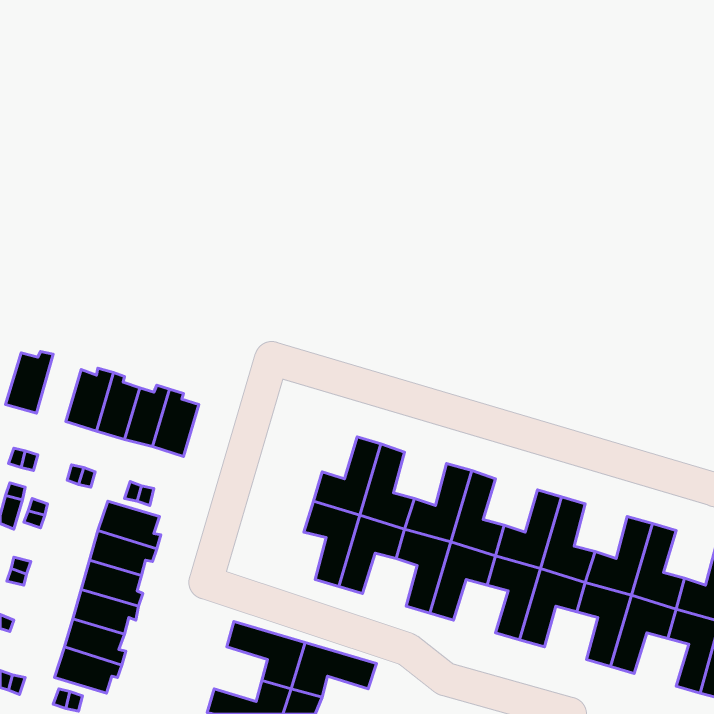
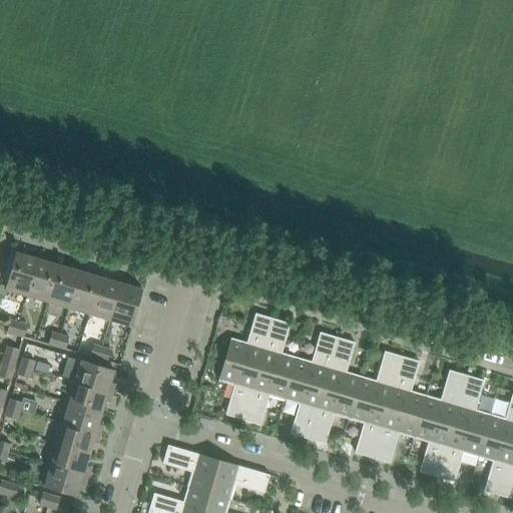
building: none -> [27,253,59,302]

